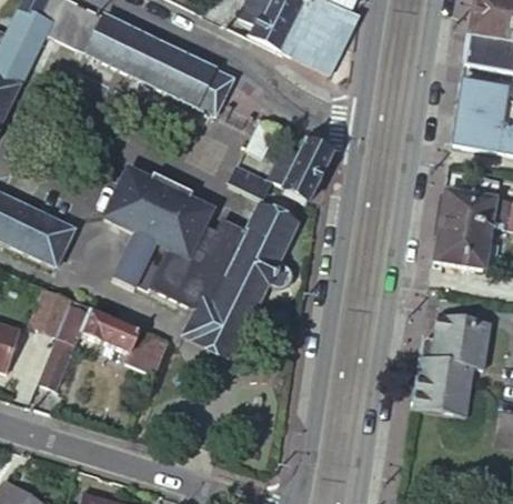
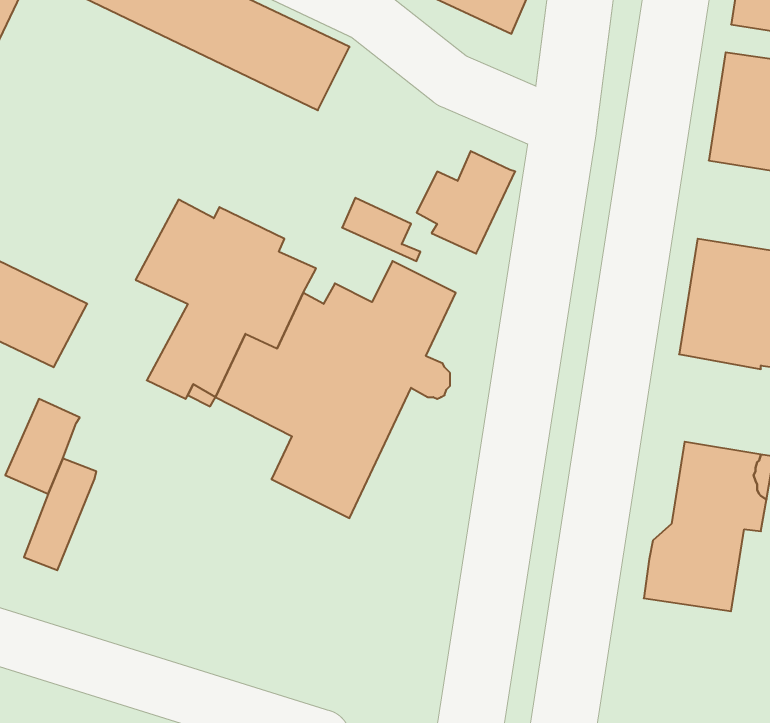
building: [63,301,171,373] -> none

